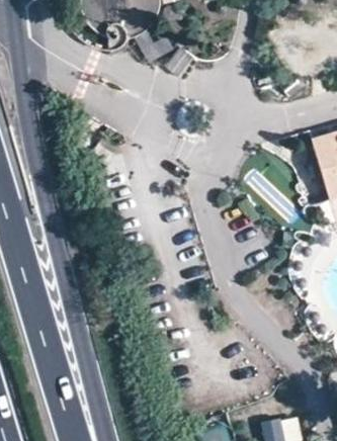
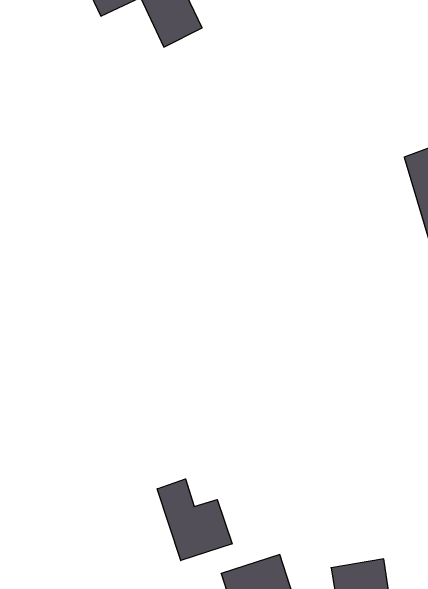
building: none -> [157,479,232,561]

